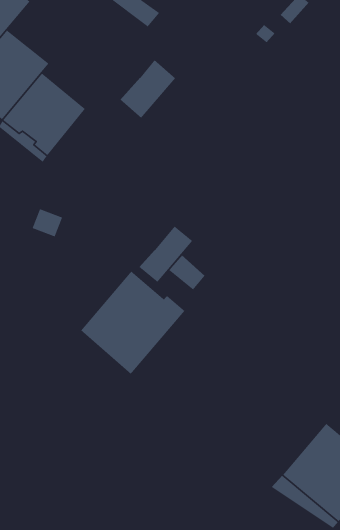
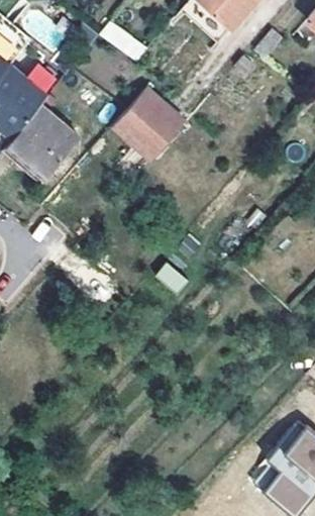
building: none -> [131,107,183,162]
building: [139,225,193,283] -> none
building: [80,270,185,375] -> none

